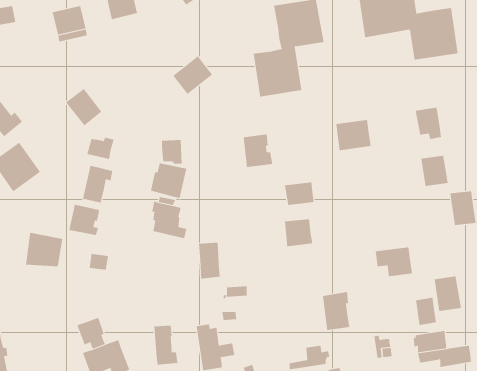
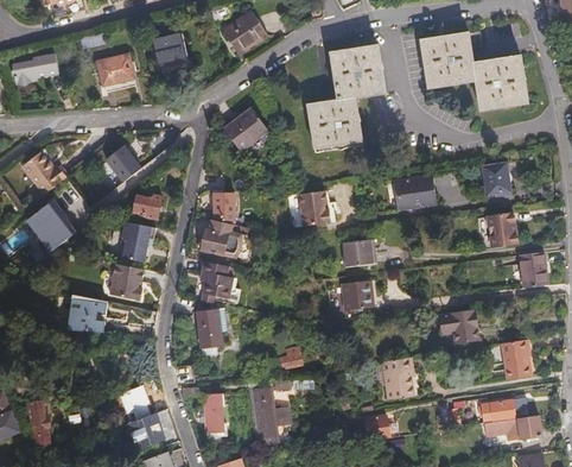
building: [198,242,221,279] -> [196,308,220,347]
building: [416,297,437,326] -> none

